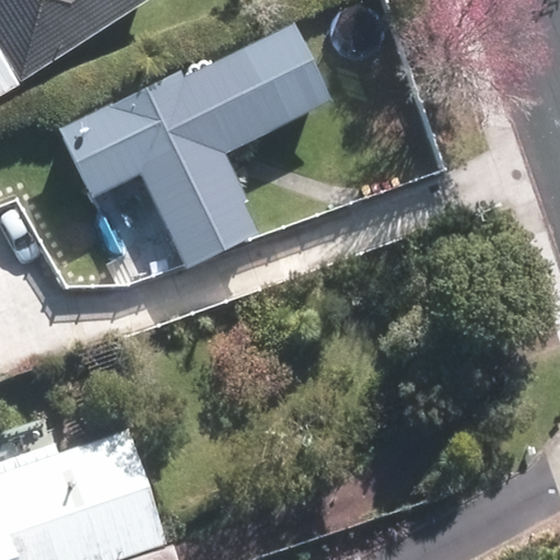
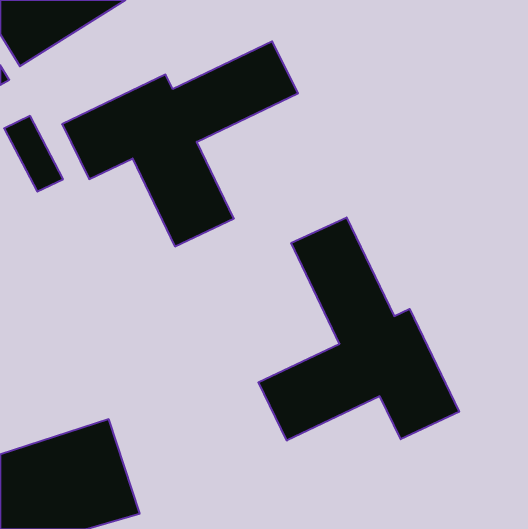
building: none -> [258,217,459,441]

